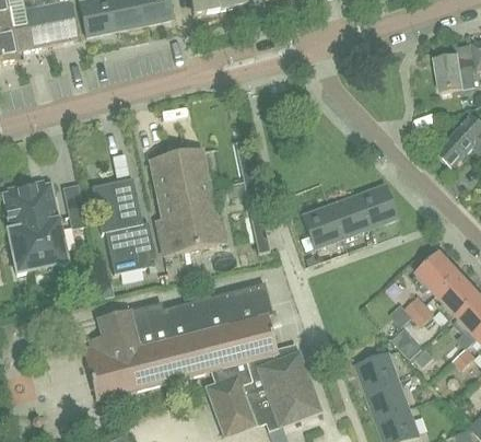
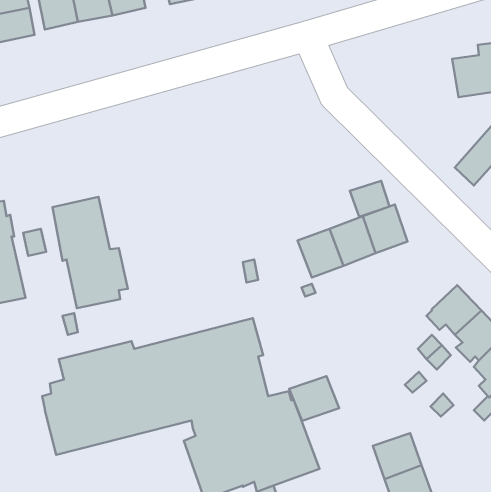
building: [151,141,227,254] -> none
building: none -> [350,181,390,217]
building: [356,352,399,391] -> [289,376,339,421]

